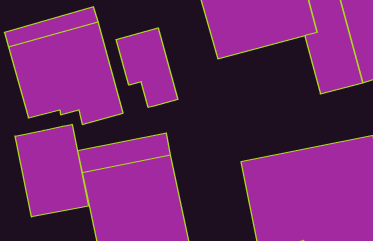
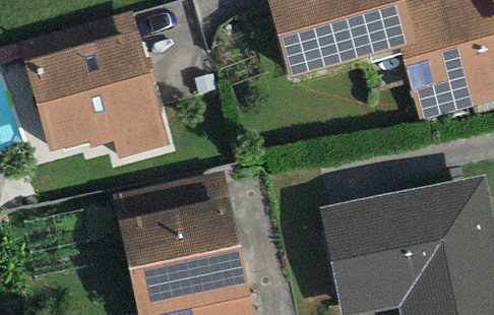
building: [116,28,178,107] -> none
building: [15,124,88,217] -> none

